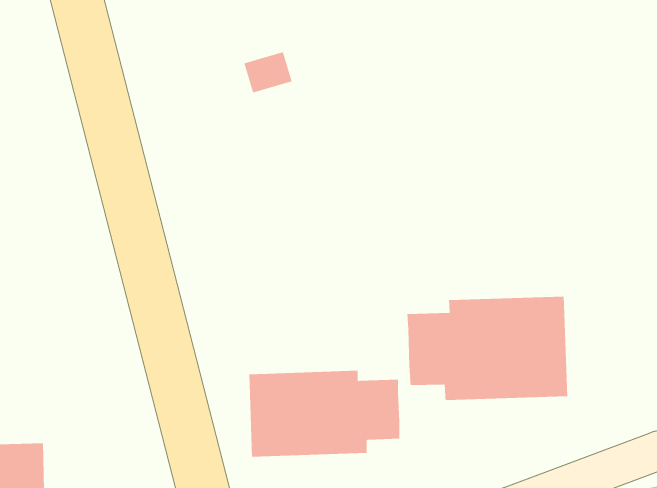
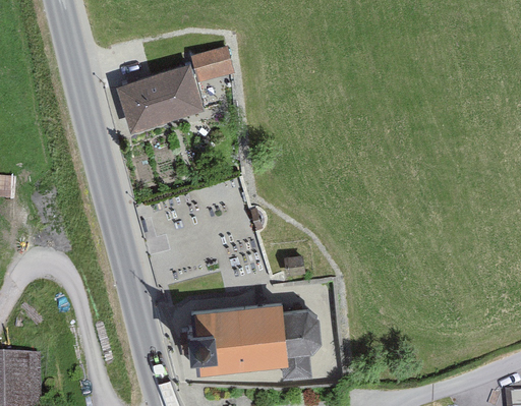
building: none -> [118,67,202,134]
building: [407,296,568,401] -> none

